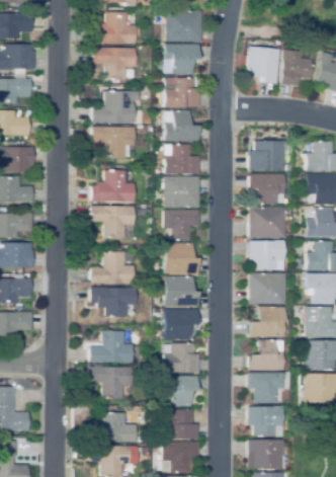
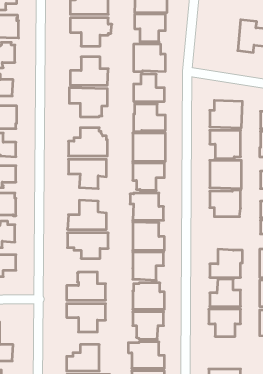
building: [248,47,281,84] -> none
building: [249,272,285,304] -> none
building: [249,405,284,435] -> none

